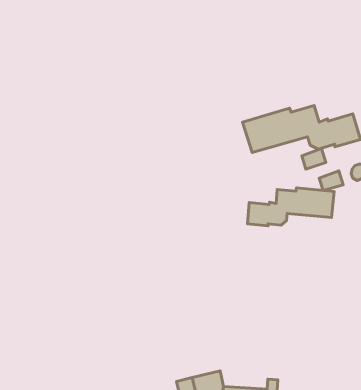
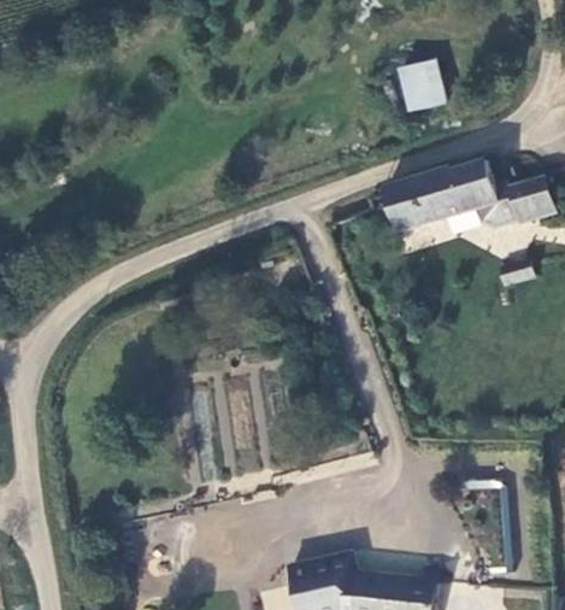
building: none -> [399,66,443,116]
building: [248,188,334,226] -> none

